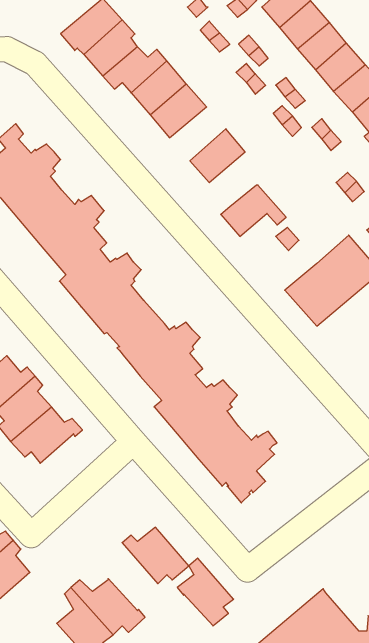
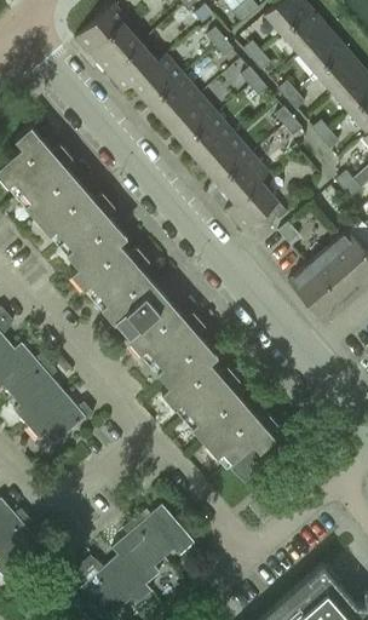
building: none -> [177,108,230,159]
building: none -> [214,150,269,202]
building: [177,558,234,626] -> [113,519,166,584]

